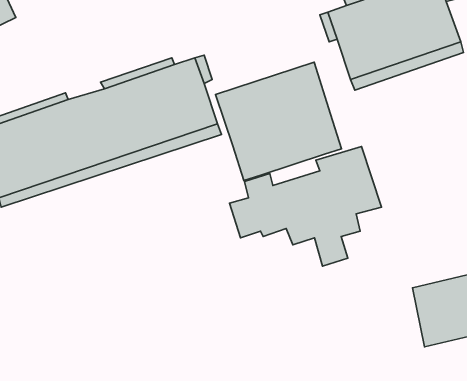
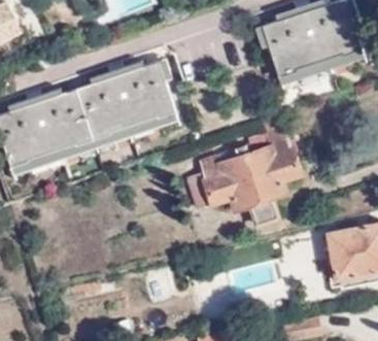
building: [216,62,342,180] -> none

